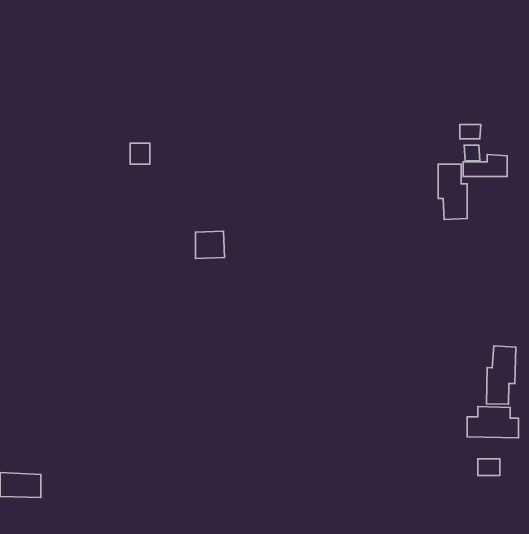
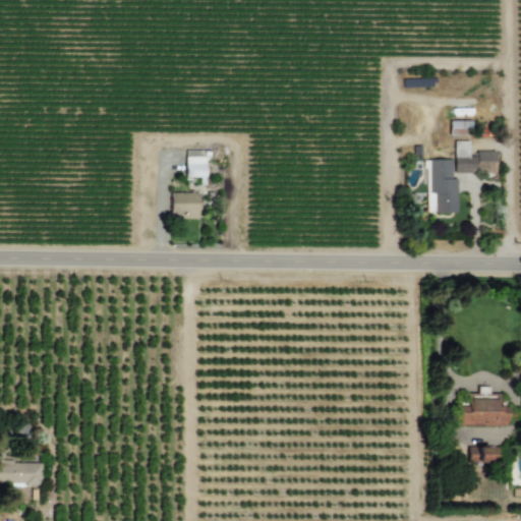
building: [130,143,150,164] -> [187,157,207,177]
building: [195,231,225,258] -> [173,192,201,219]
building: [487,346,516,404] -> none

